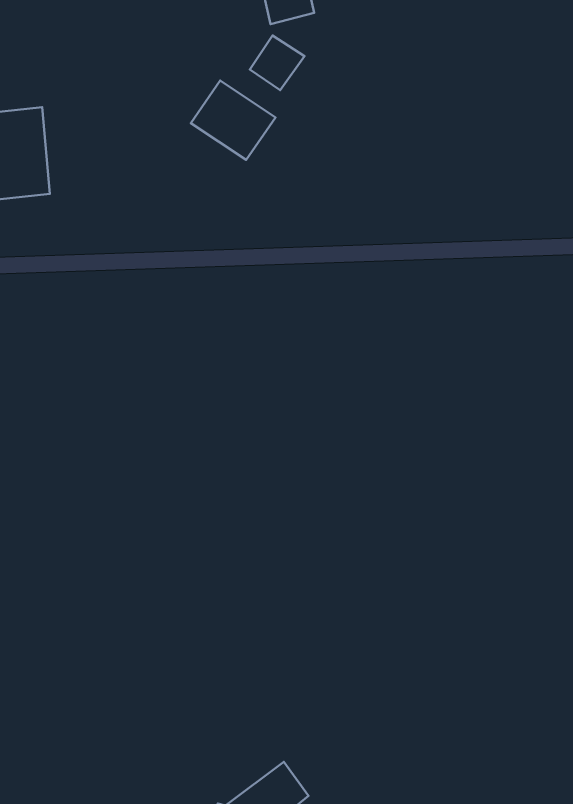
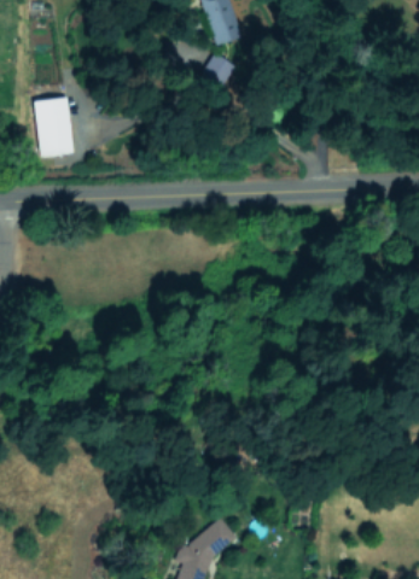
building: [191,81,275,160] -> none

